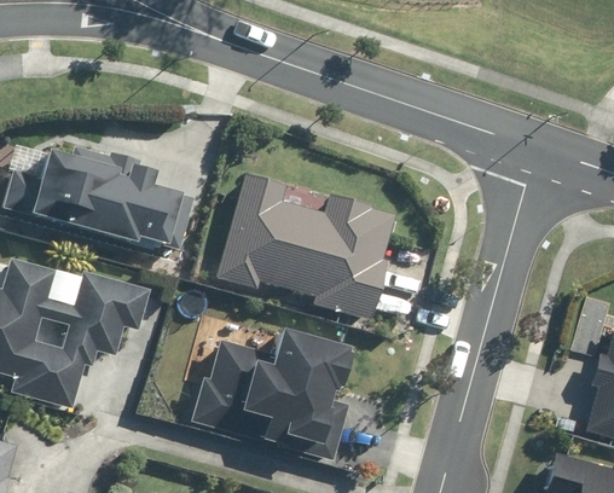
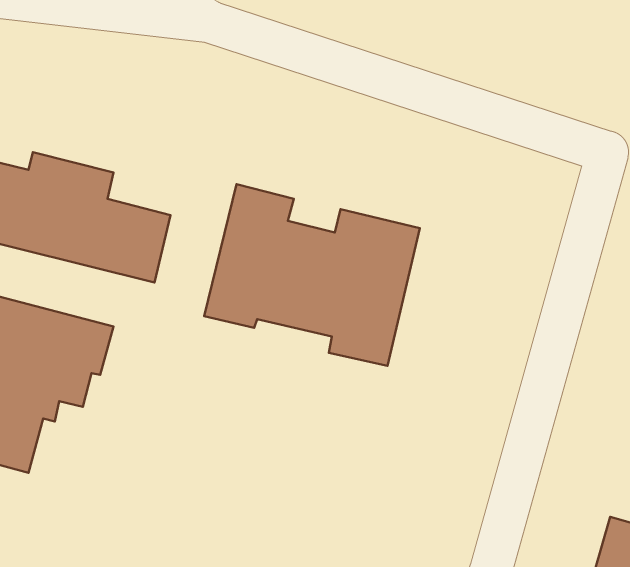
building: [192,331,348,460] -> none

